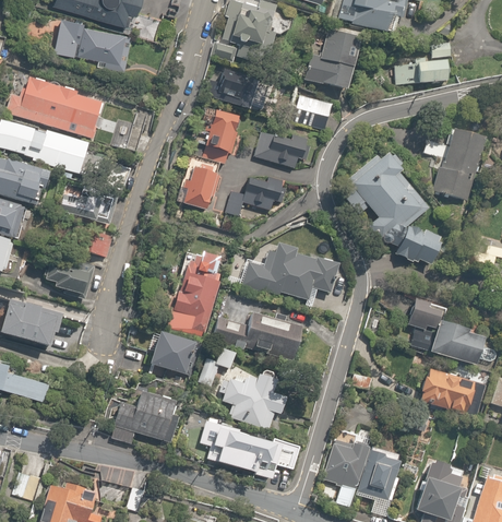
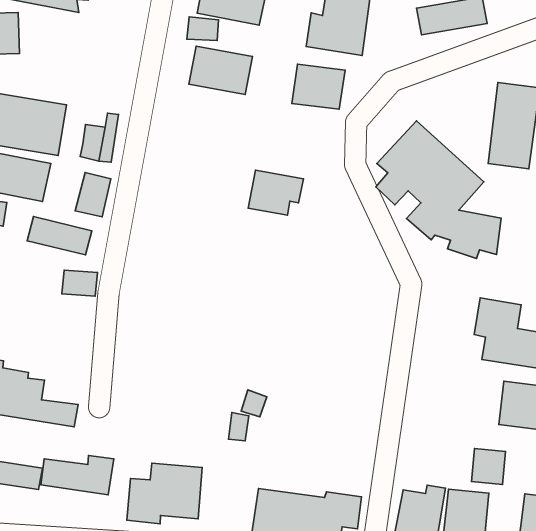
building: [79,26,131,68] -> none
building: [196,109,242,157] -> none
building: [255,127,314,167] -> none
building: [181,158,219,214] -> none
building: [243,245,339,302] -> none
building: [168,252,222,333] -> none
building: [45,258,94,301] -> none
building: [215,310,304,358] -> none
building: [148,332,194,373] -> none
building: [226,368,286,429] -> none
building: none -> [41,456,114,495]
building: none -> [471,448,506,485]

